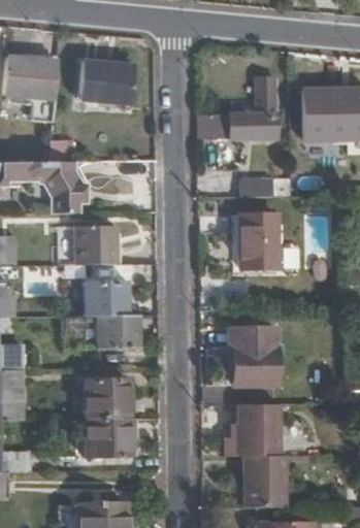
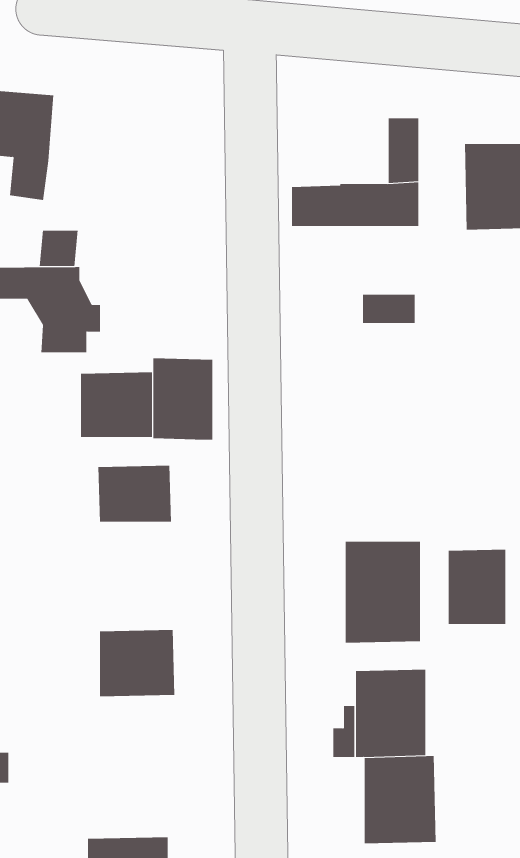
building: [79,59,136,104] -> none
building: [240,213,277,268] -> none
building: none -> [153,358,213,440]
building: [96,315,140,349] -> none
building: none -> [448,549,506,625]
building: [86,418,132,459] -> none

